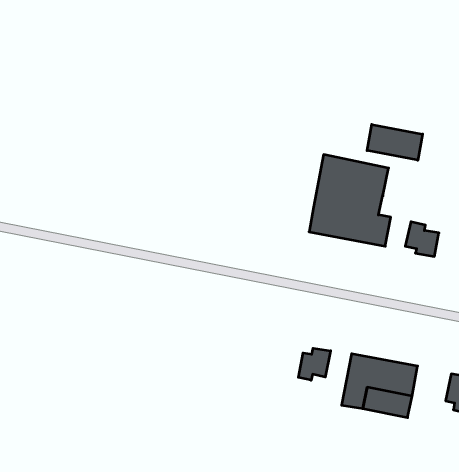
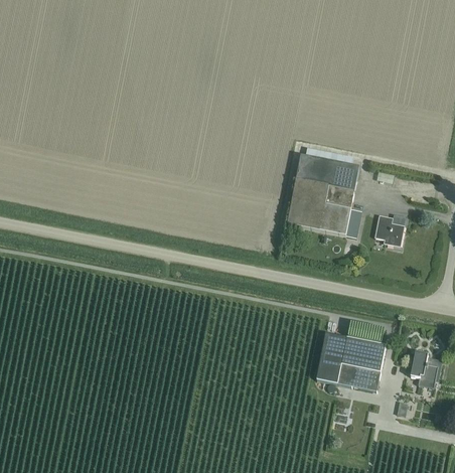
building: [367,124,423,160] -> none
building: [298,348,331,380] -> none

